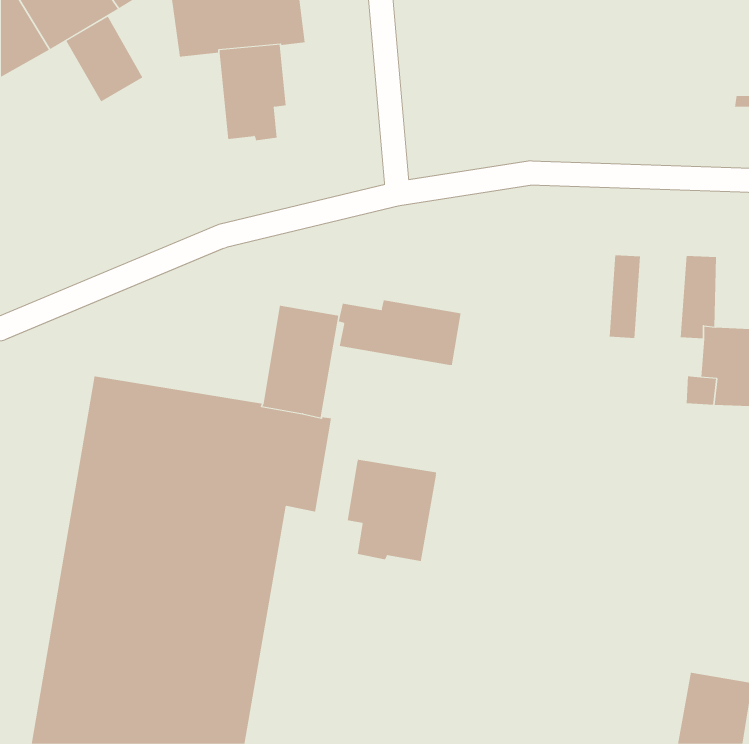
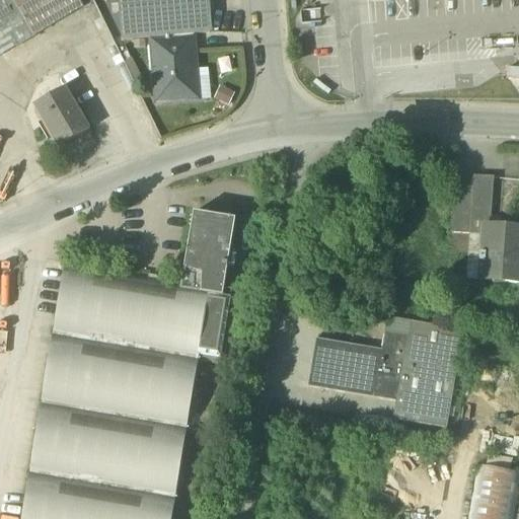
building: [65,16,143,102] -> [35,87,89,147]
building: [609,255,641,338] -> [452,175,474,233]
building: [338,299,461,366] -> none
building: none -> [308,316,463,427]
building: [347,459,437,562] -> none

